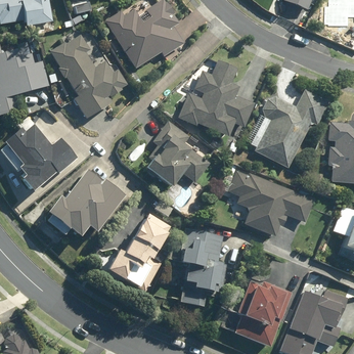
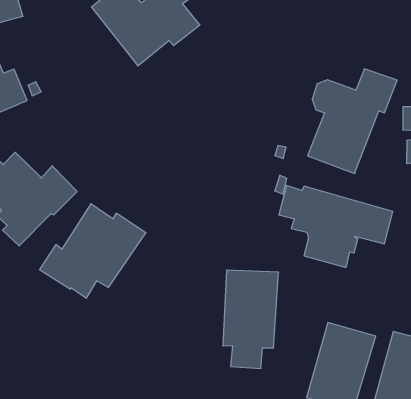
building: [50,35,128,119] -> none
building: [177,60,254,137] -> none
building: [142,121,210,188] -> none
building: [109,213,179,294] -> none

